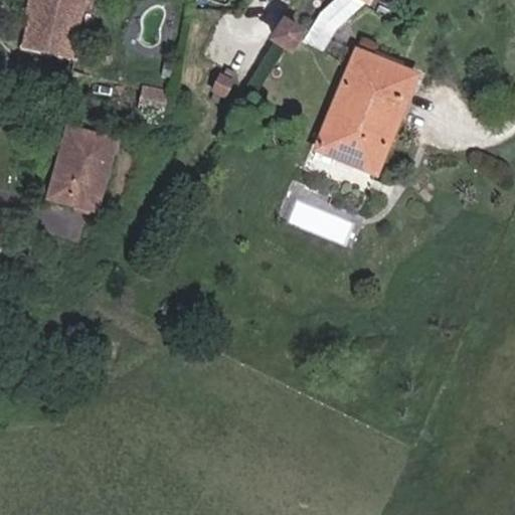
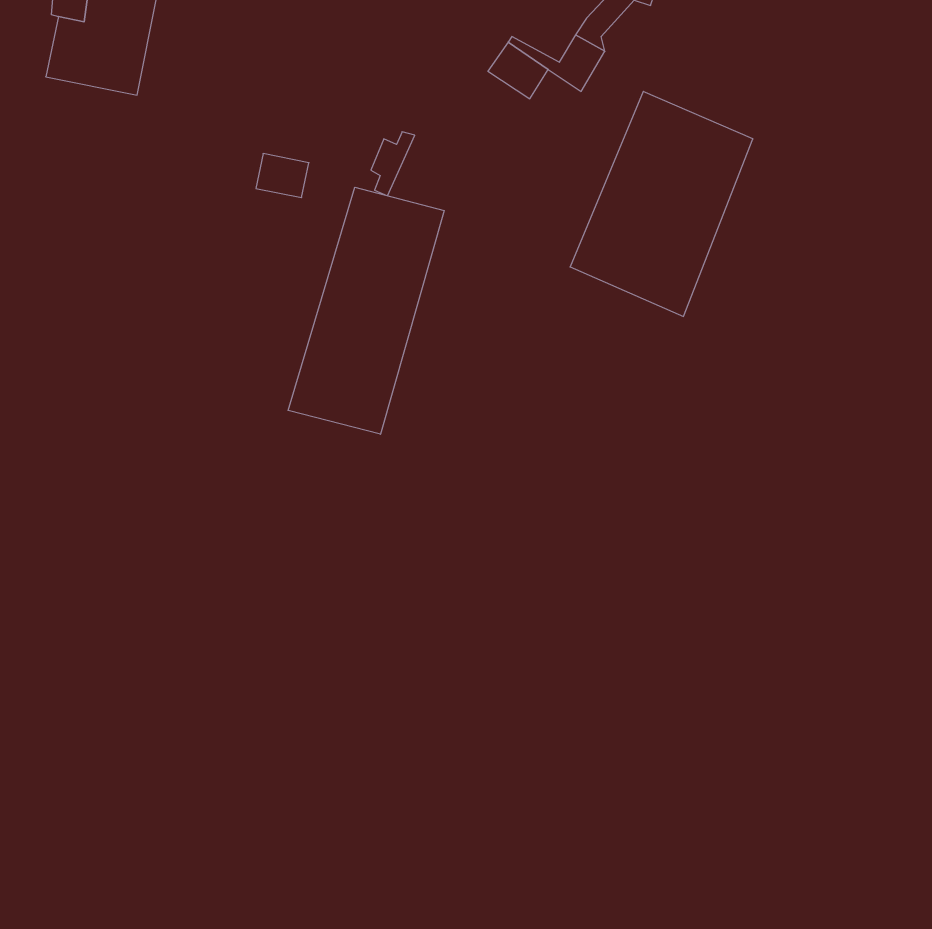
building: none -> [288,187,444,434]
building: [46,123,117,211] -> none

